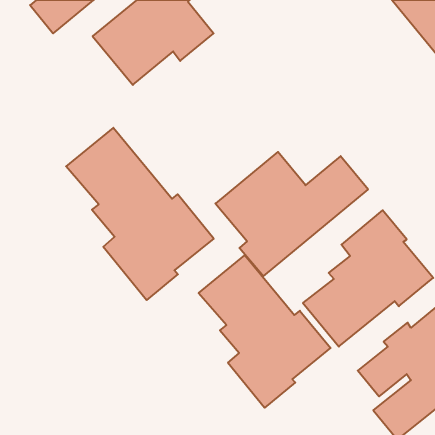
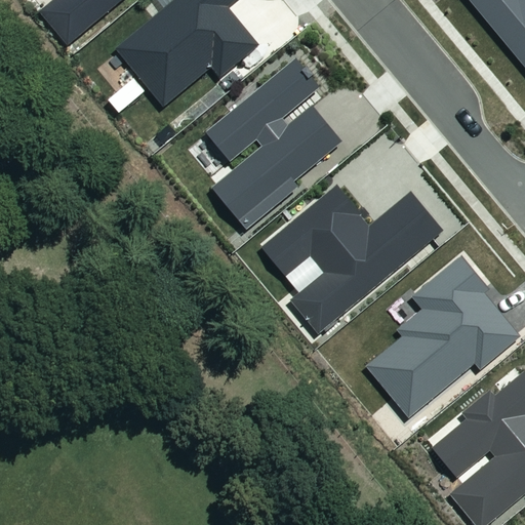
building: none -> [206,57,342,229]
building: [66,128,214,300] -> none
building: [199,255,331,408] -> none

